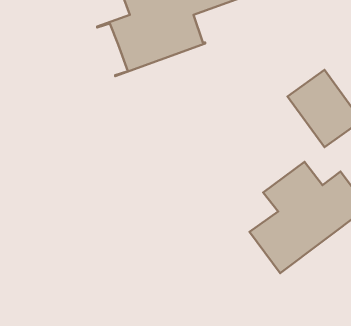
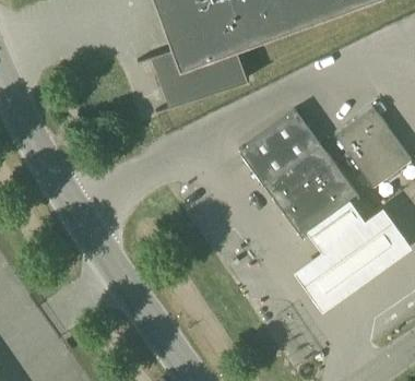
building: none -> [238,110,357,238]

